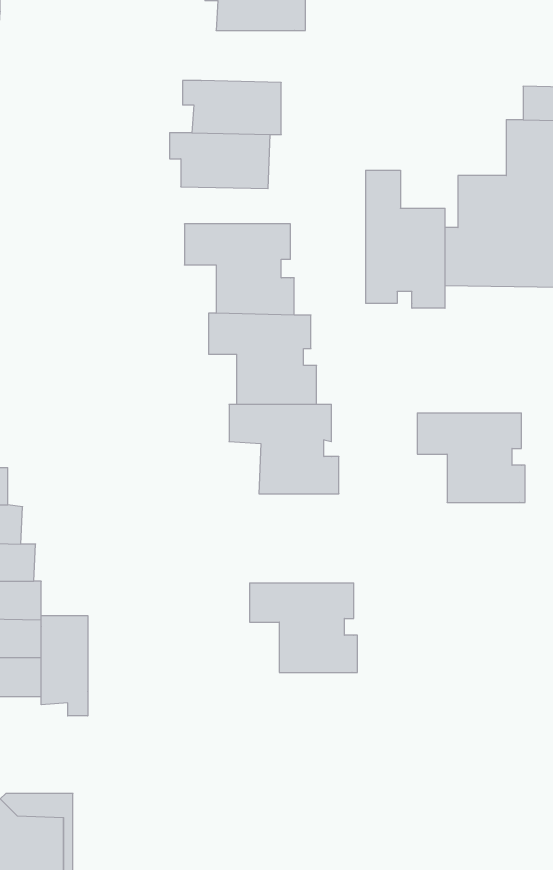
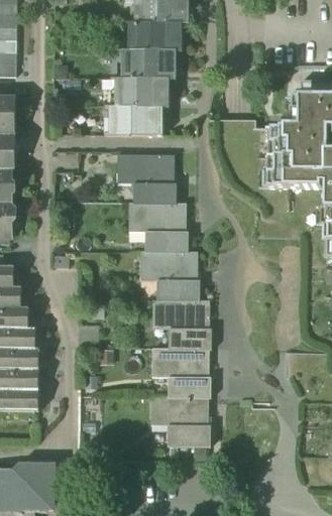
building: none -> [121,48,176,78]
building: [366,170,445,308] -> none
building: [417,413,525,502] -> [152,300,211,349]
building: [41,616,88,716] -> none
building: none -> [148,397,208,446]

